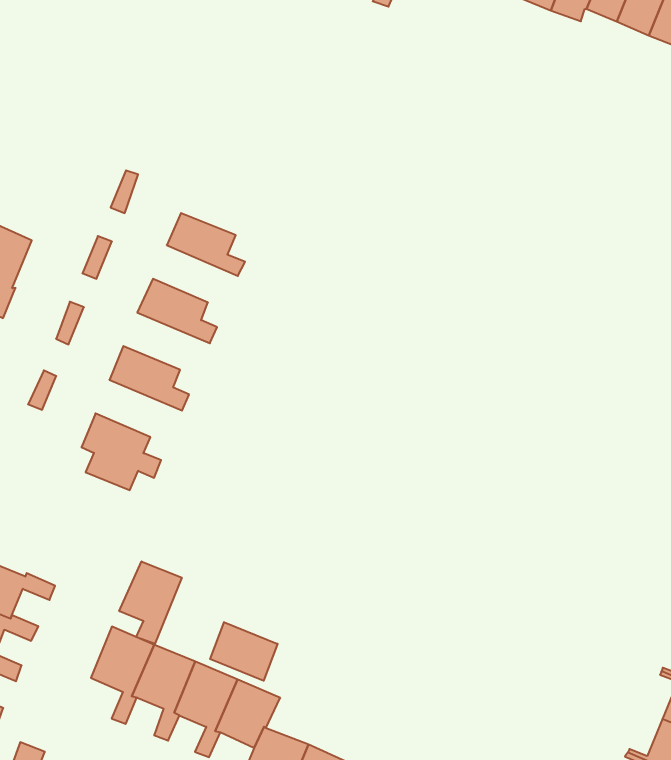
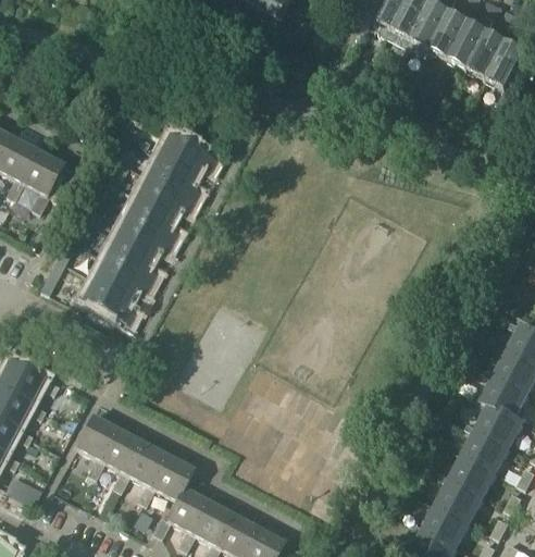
building: none -> [160,132,214,170]
building: none -> [138,172,192,211]
building: none -> [115,213,171,252]
building: none -> [94,255,149,294]
building: [119,561,182,644] -> none
building: [210,622,278,681] -> none

